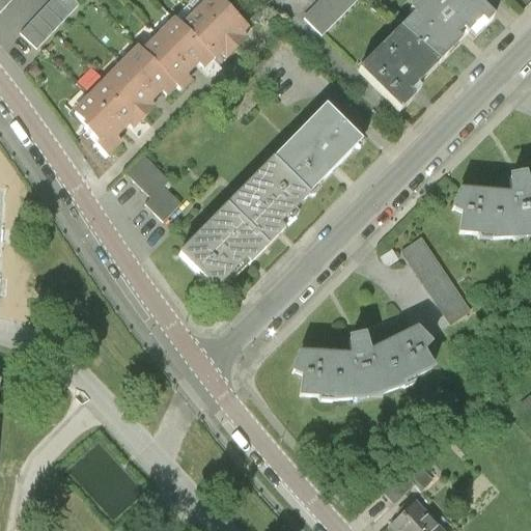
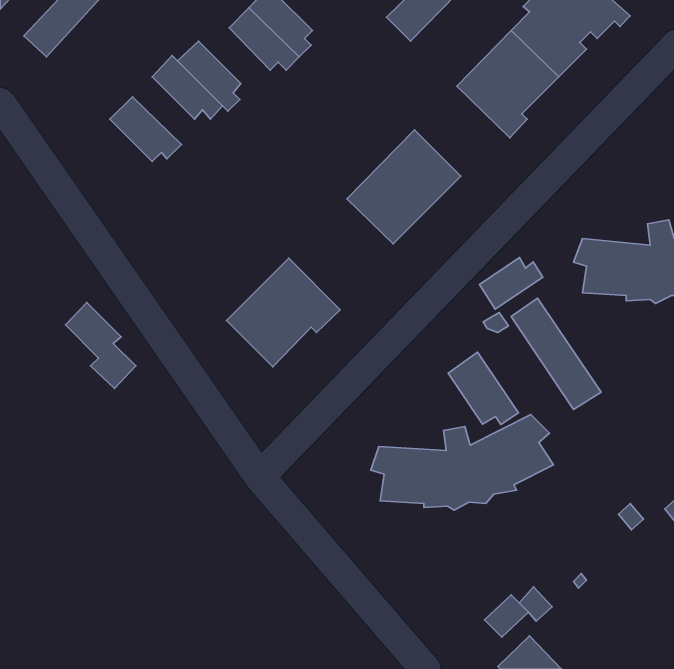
building: [158,16,214,65] -> none
building: [106,60,155,113] -> none
building: [74,93,121,152] -> none
building: [127,150,181,218] -> [65,302,136,389]
building: [228,156,310,243] -> none
building: none -> [479,257,543,309]
building: none -> [448,352,518,424]

